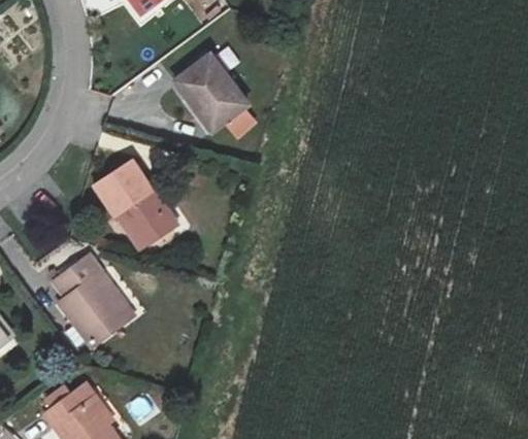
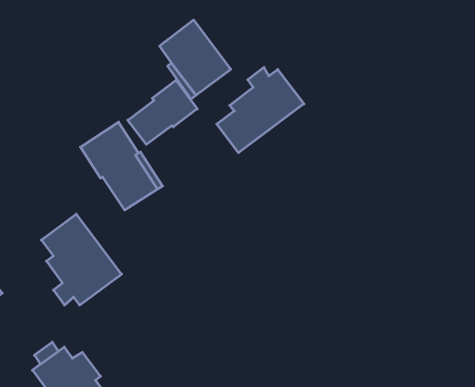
building: none -> [217,67,304,153]
building: none -> [128,80,197,144]

